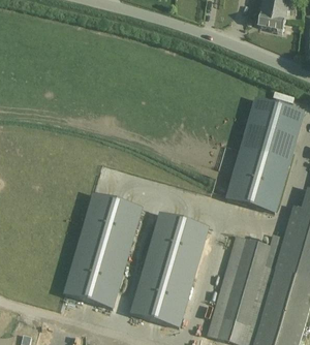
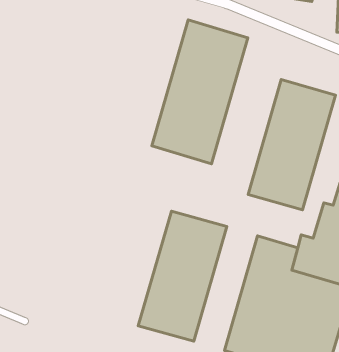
building: none -> [152,20,248,164]
building: [65,192,142,307] -> none

